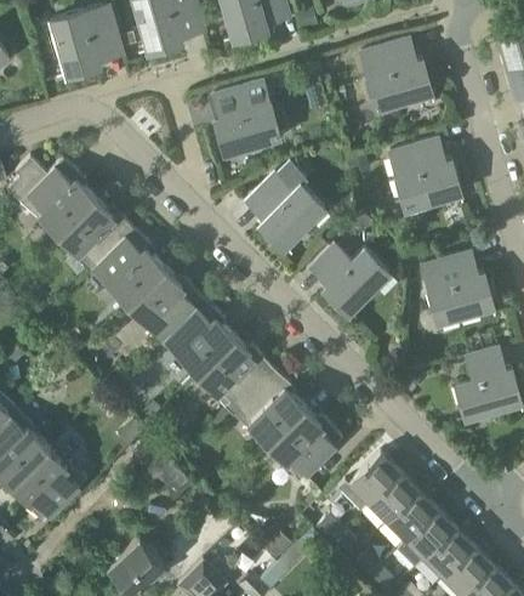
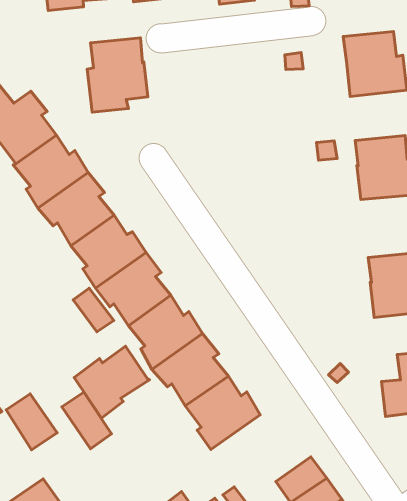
building: [213,83,279,164] -> [87,38,148,112]
building: [246,163,324,251] -> none
building: [311,246,389,316] -> none
building: none -> [73,288,114,332]
building: none -> [74,346,150,418]
building: [340,454,399,512] -> none
building: none -> [6,394,57,450]

